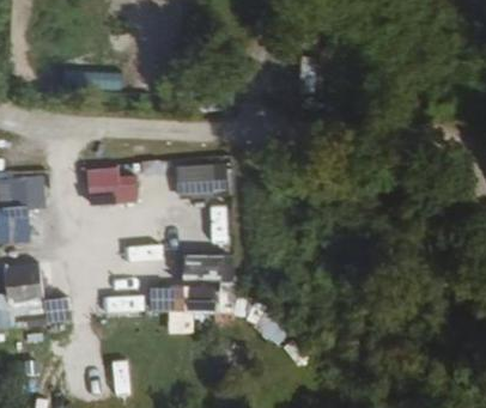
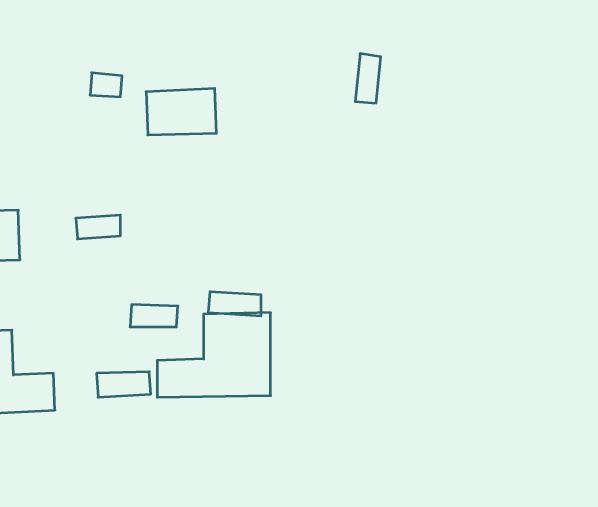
building: [177,162,230,196] -> [146,88,216,135]

